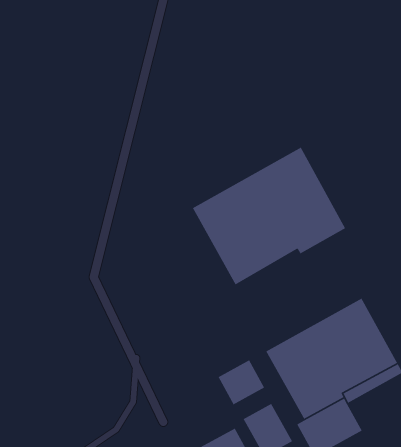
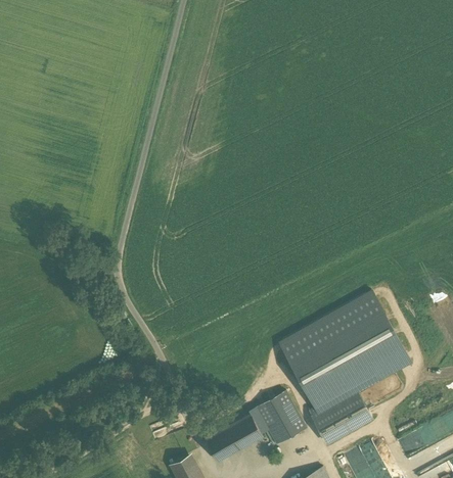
building: [192,147,346,285] -> none
building: [218,359,265,405] -> none

